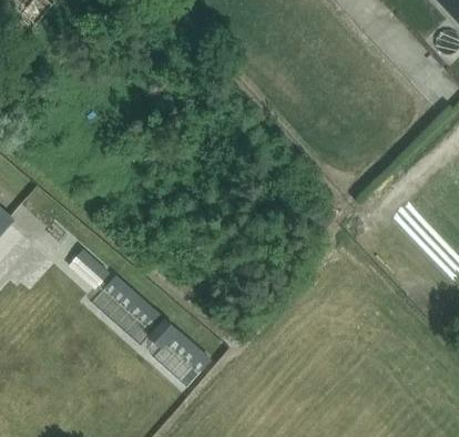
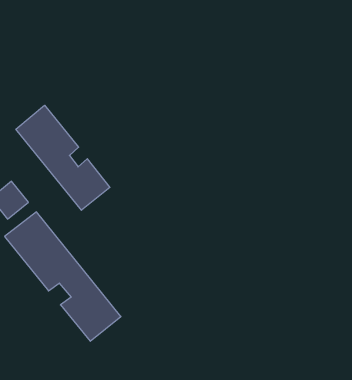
building: none -> [16,105,110,210]

